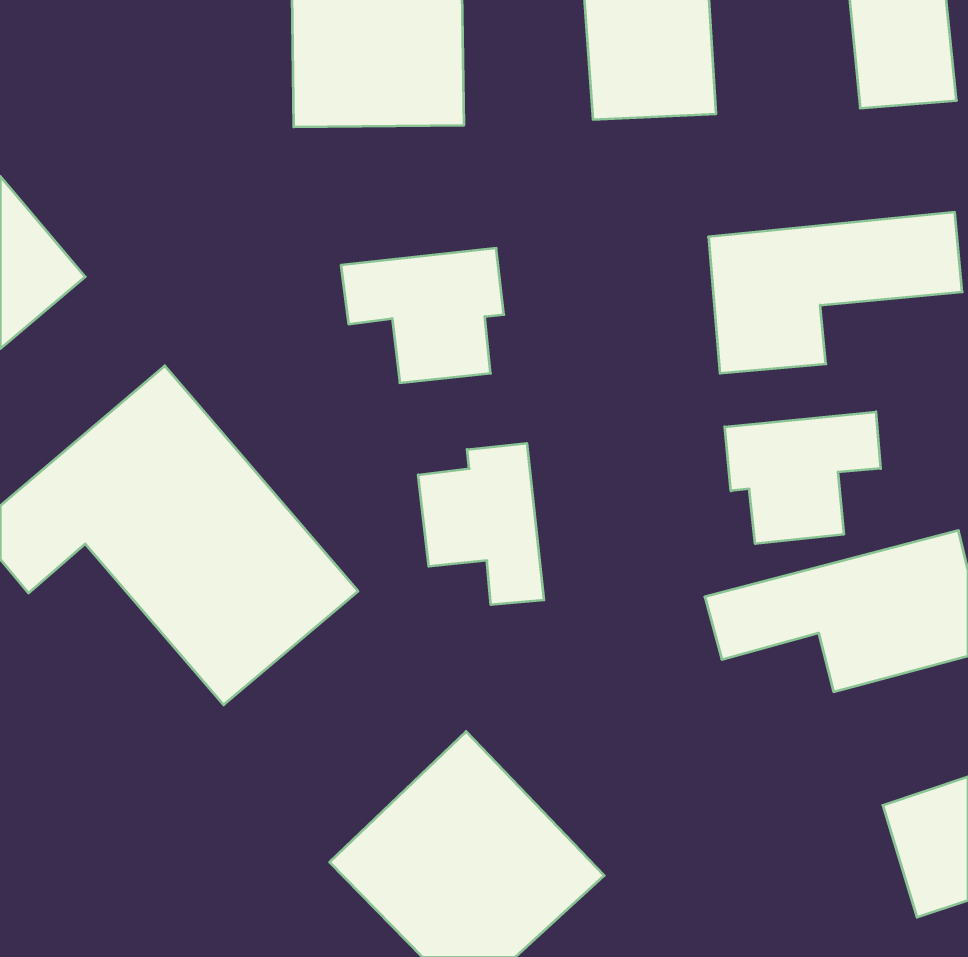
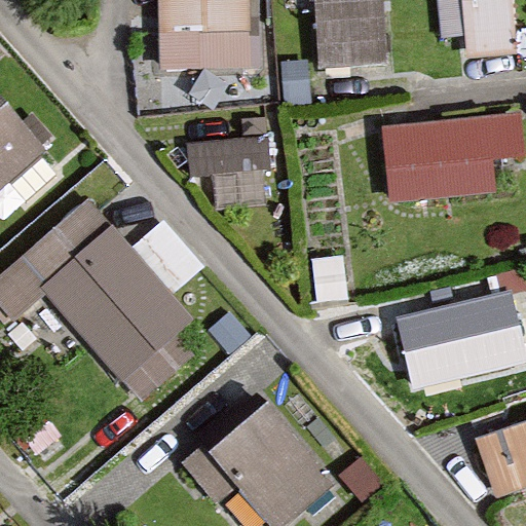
building: [725,412,881,544] -> none
building: [418,443,544,605] -> none

